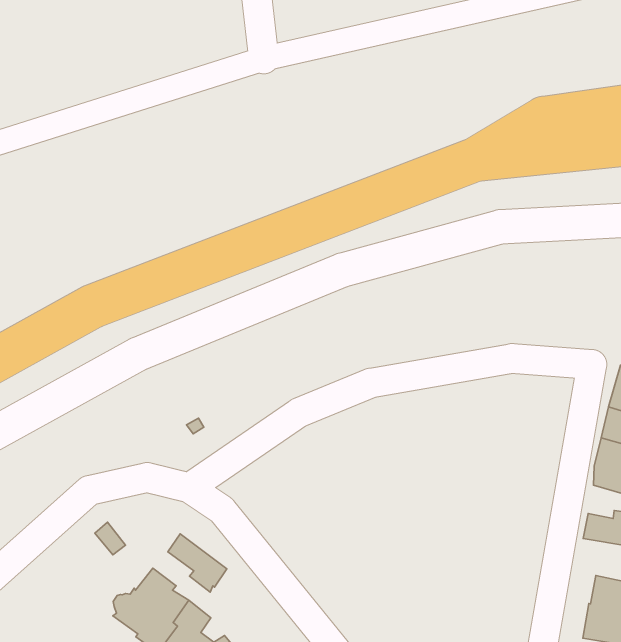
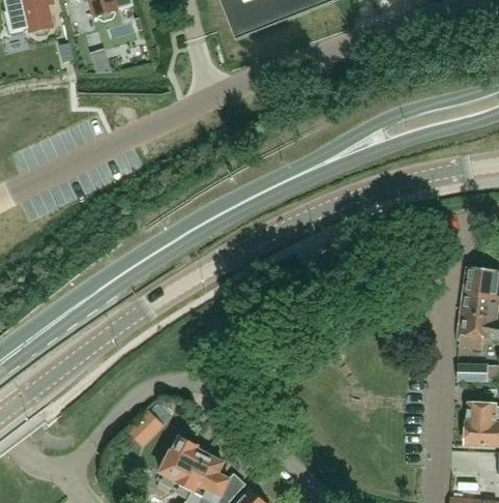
building: [168,534,227,592] -> none

